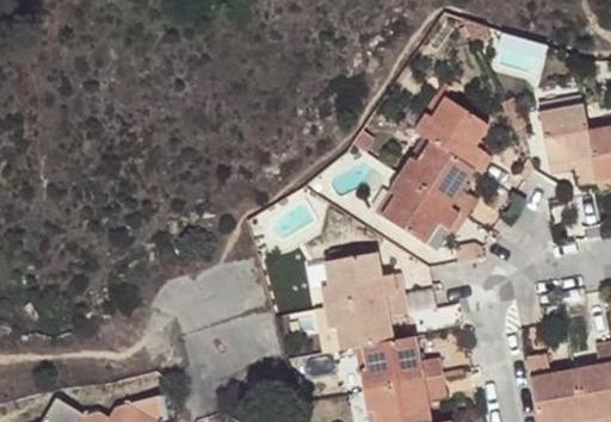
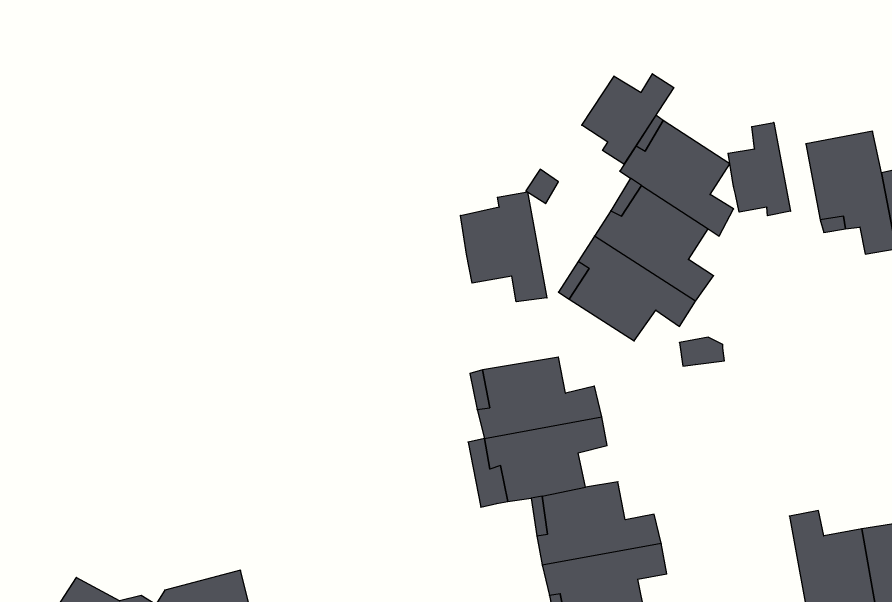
building: none -> [582,74,674,164]
building: none -> [728,122,791,216]
building: none -> [460,192,547,302]

